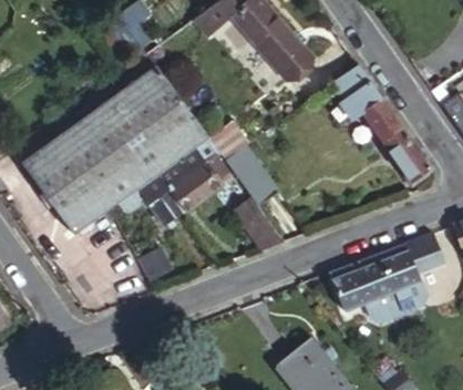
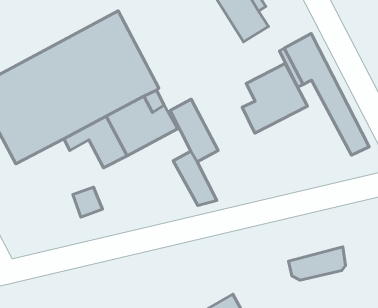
building: none -> [242,64,308,133]
building: [333,233,442,305] -> none

